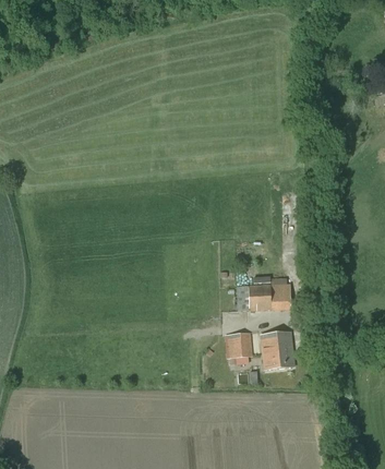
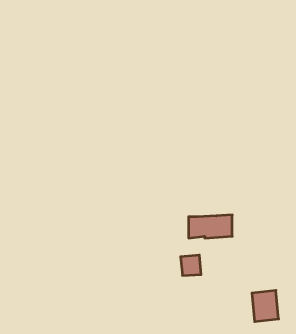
building: [261,330,293,369] -> [252,290,279,322]

